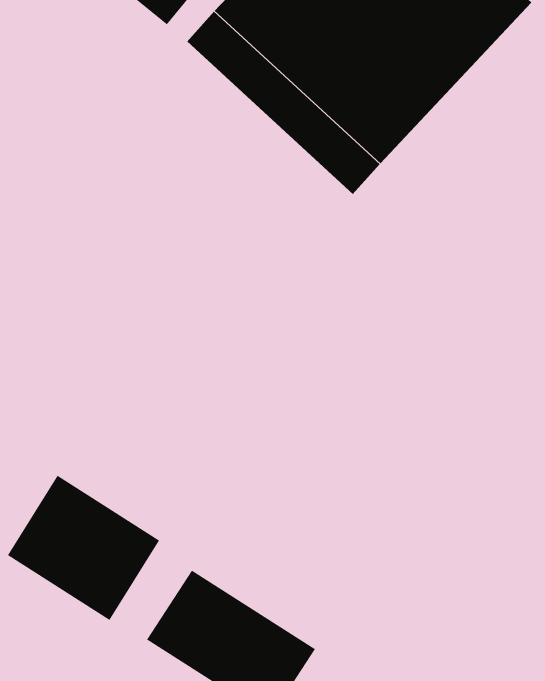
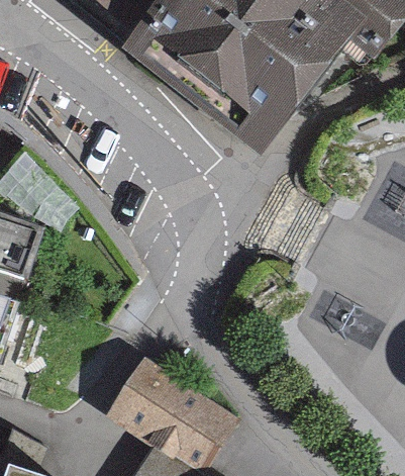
building: [7,475,160,621] -> none

